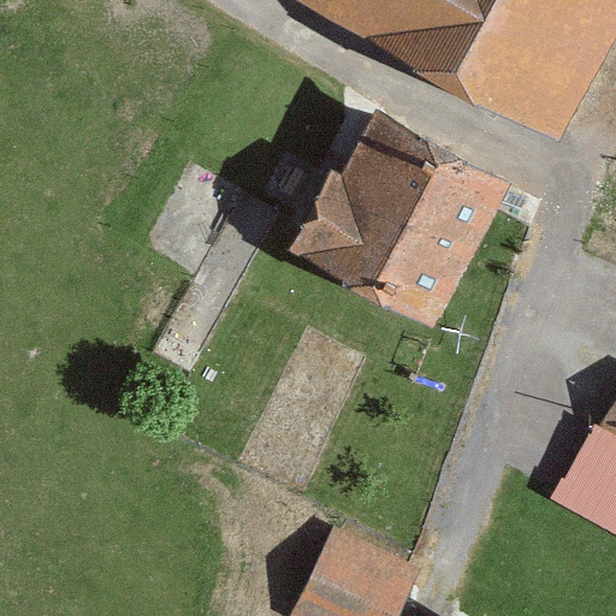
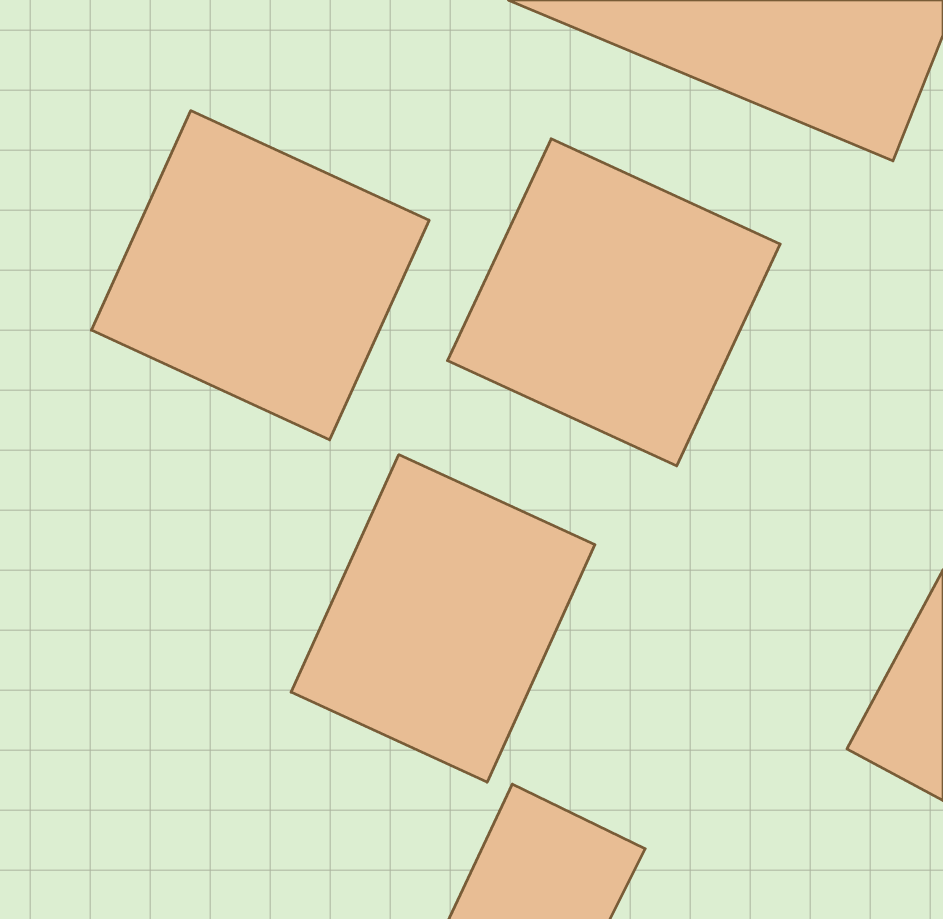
building: none -> [91,111,429,440]
building: none -> [291,455,595,782]

